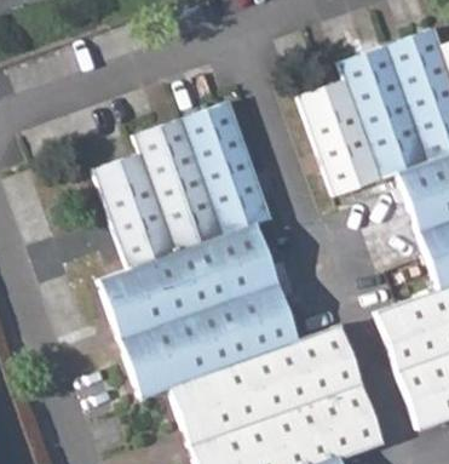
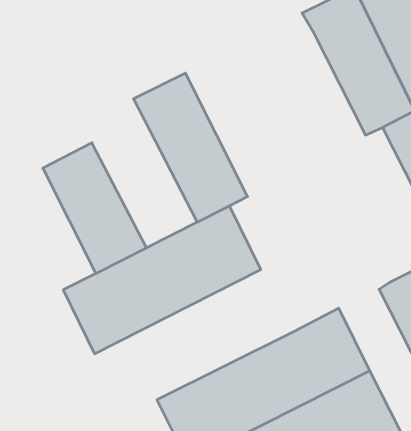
building: [298,79,380,193] -> none
building: [133,119,223,251] -> none
building: [119,282,295,396] -> none

